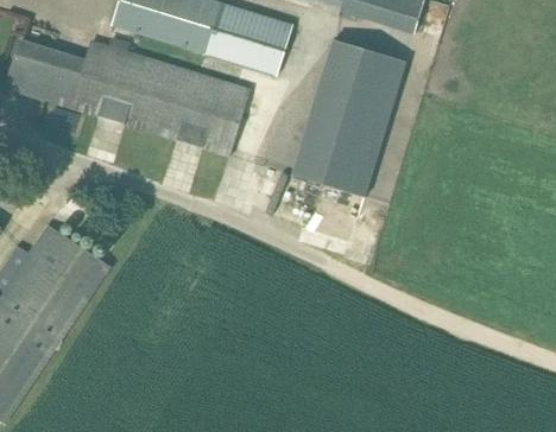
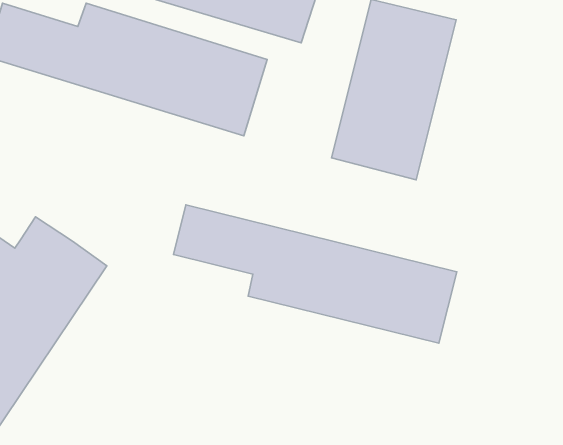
building: none -> [173,205,457,343]

